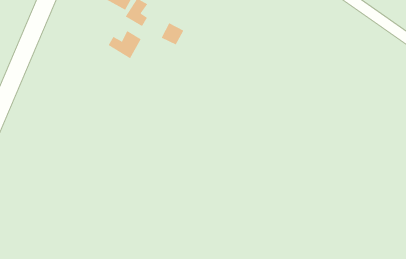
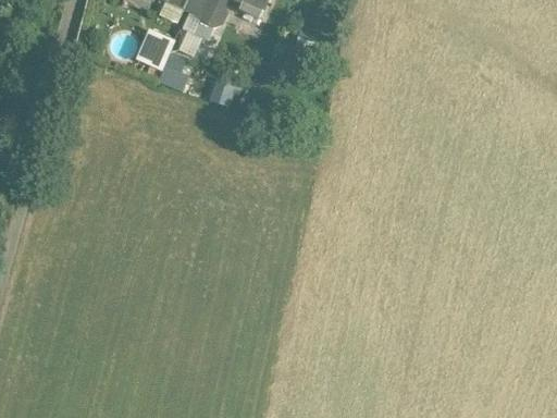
building: [108,30,141,59] -> none

